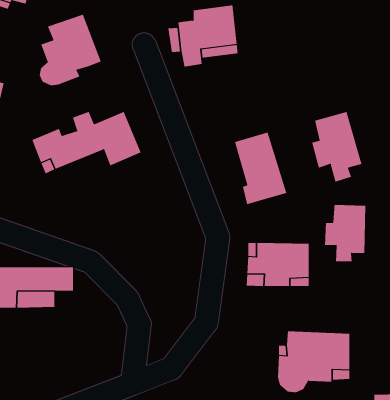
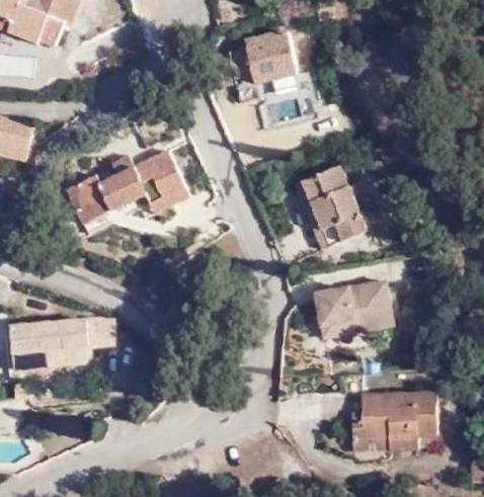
building: [39,14,101,86] -> none
building: [311,111,362,183] -> none
building: [325,204,366,262] -> none

